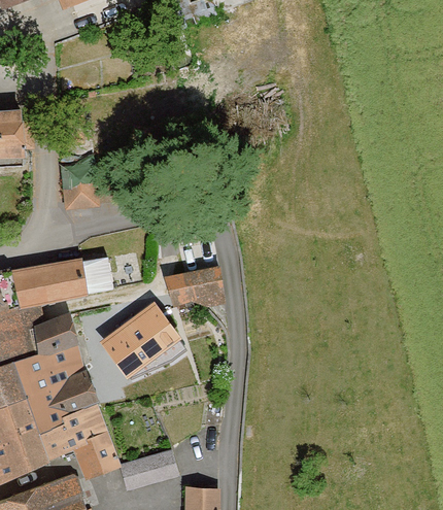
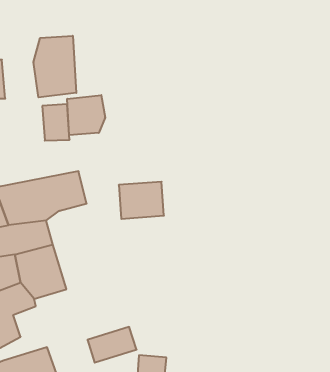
building: none -> [34,36,76,97]
building: none -> [67,95,105,135]
building: [92,301,174,381] -> none
building: [26,401,118,478] -> none

